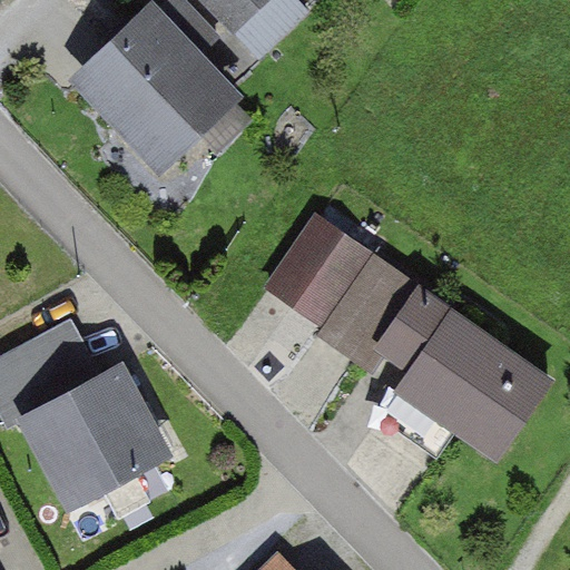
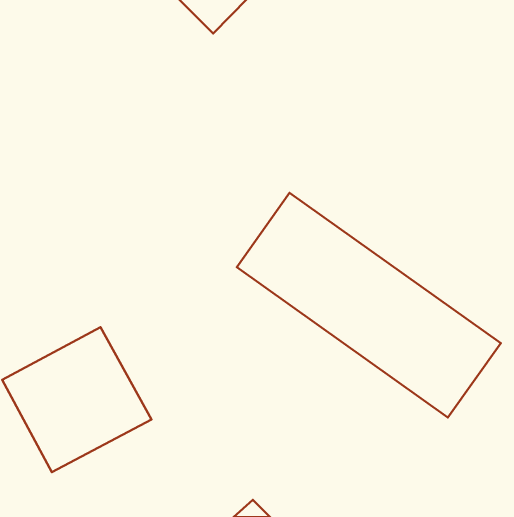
building: [73,10,244,181] -> none

